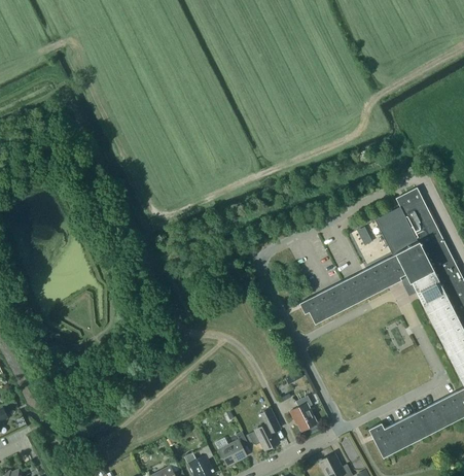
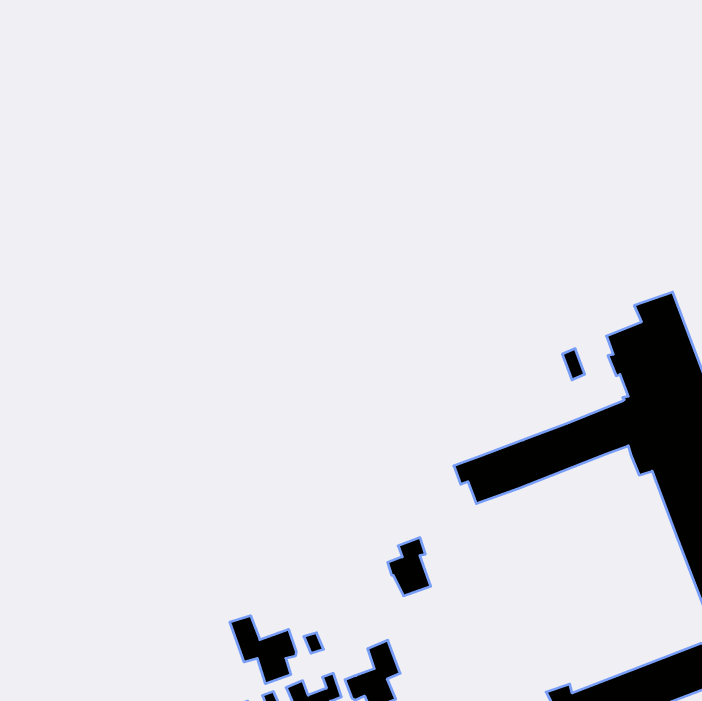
building: [289,396,316,431] -> [388,538,431,596]
building: none -> [230,616,296,684]

